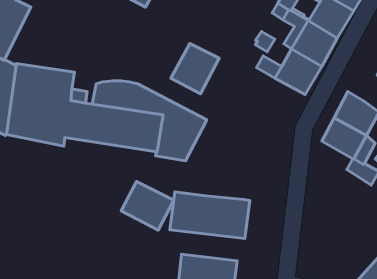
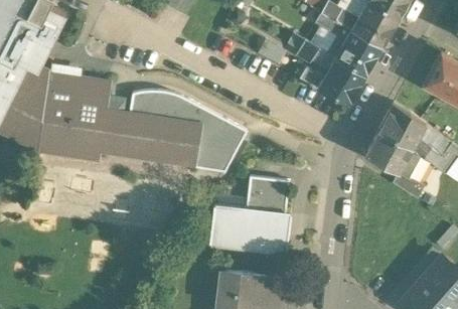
building: [171,44,219,94] -> none
building: none -> [246,176,289,214]
building: [121,182,174,230] -> none

